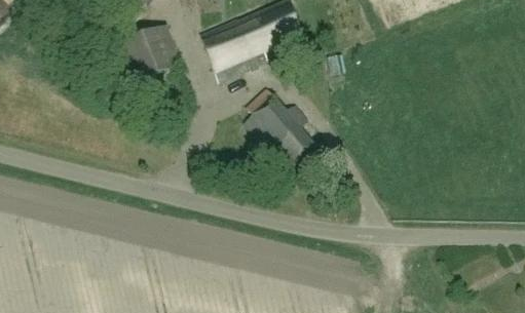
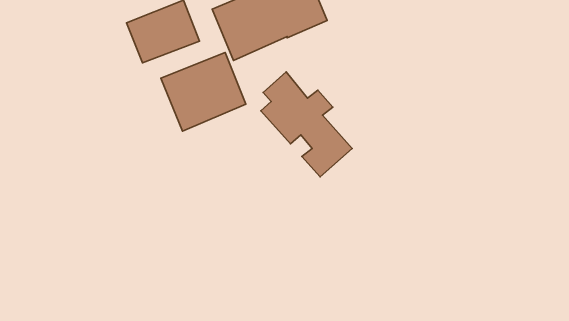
building: none -> [161,52,246,131]

